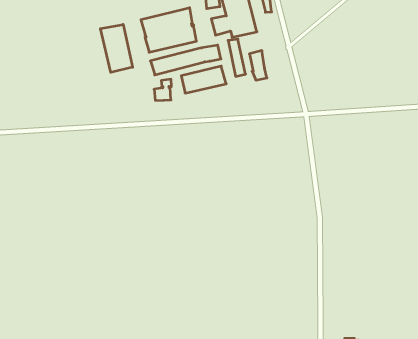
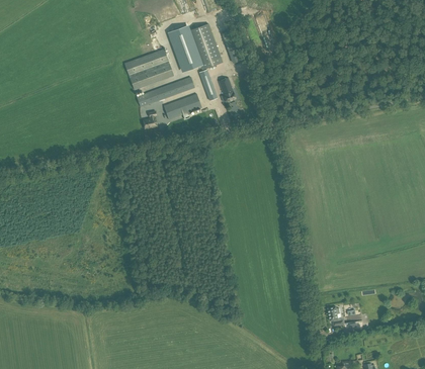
building: [100,24,133,72] -> none

